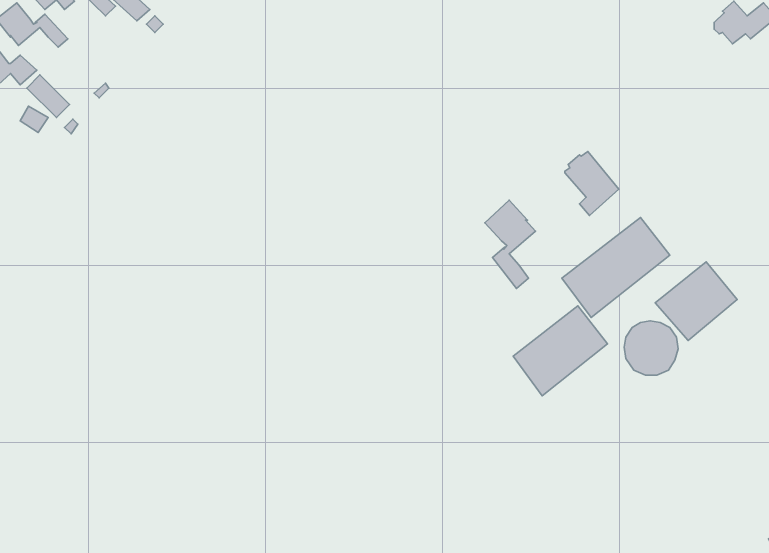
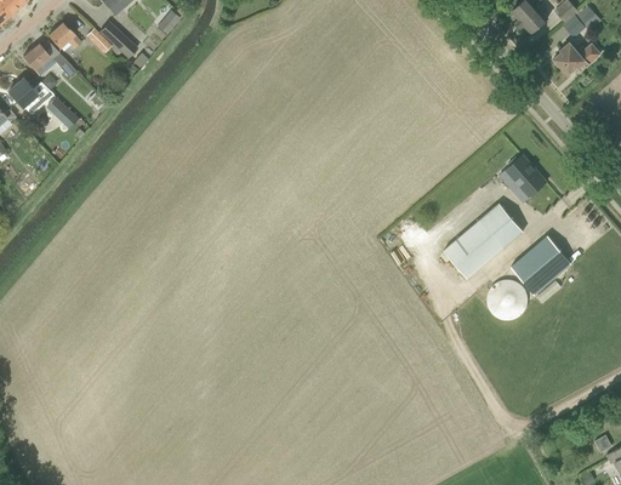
building: [565,151,619,215] -> [506,154,546,201]
building: [485,200,535,288] -> none
building: [513,306,608,396] -> none

